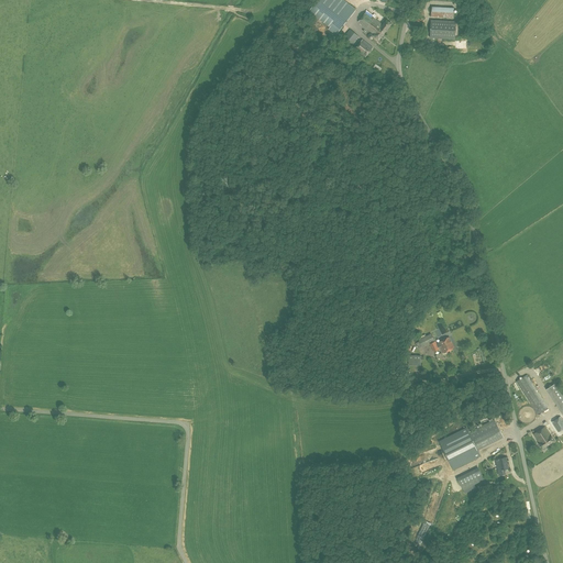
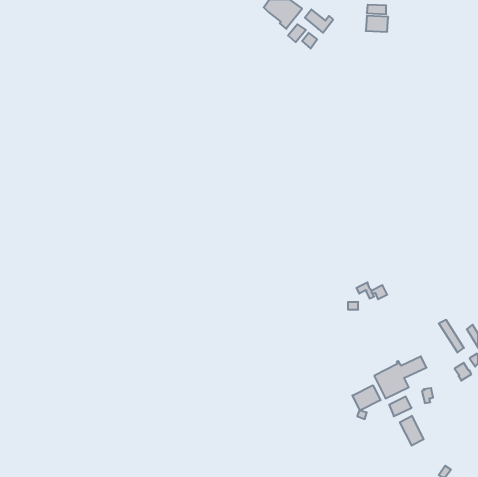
building: none -> [352,385,381,410]
building: none -> [400,416,424,446]

